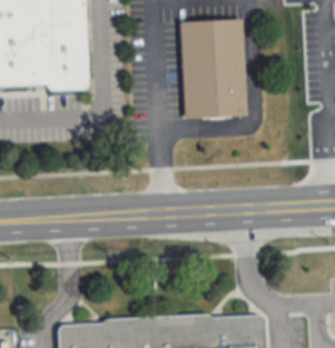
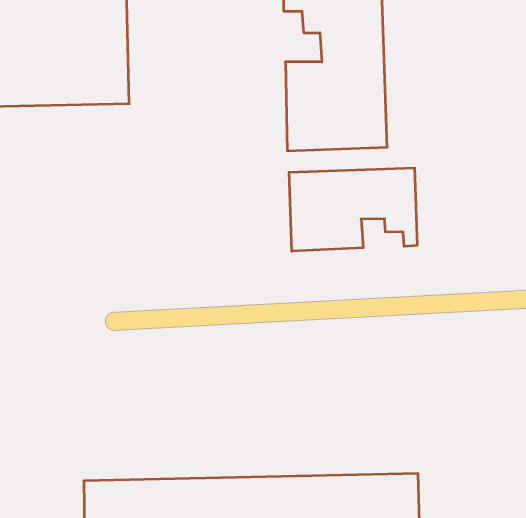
building: none -> [289,168,417,251]

